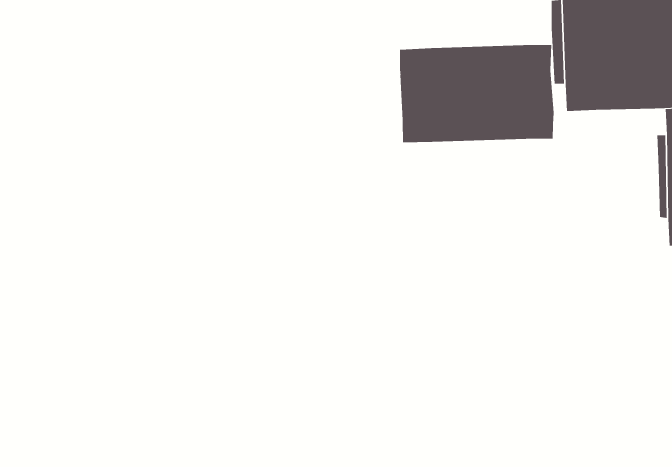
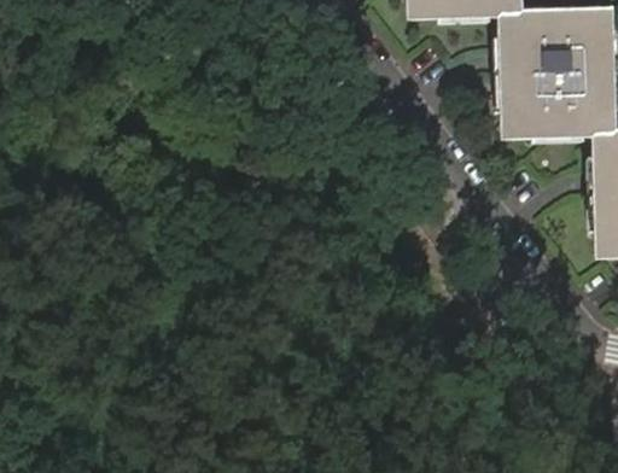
building: [399,44,554,143] -> none

